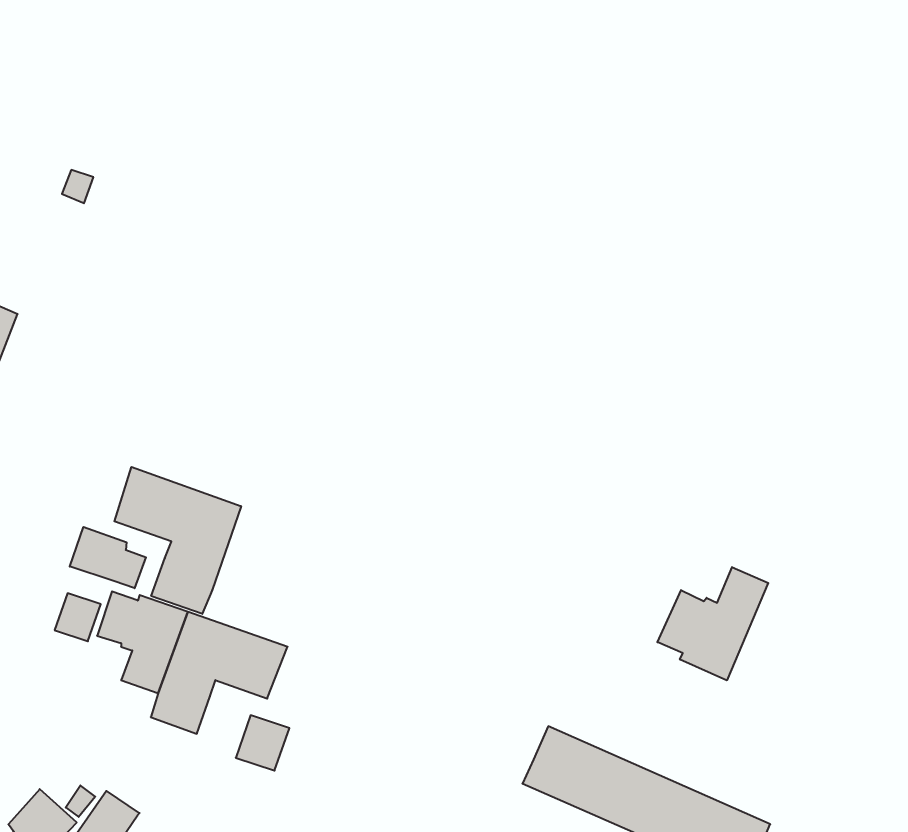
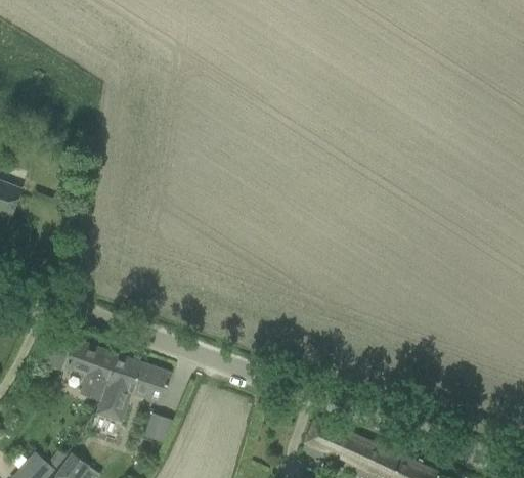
building: [114,467,241,614] -> none
building: [70,527,146,588] -> none
building: [657,567,768,680] -> none

